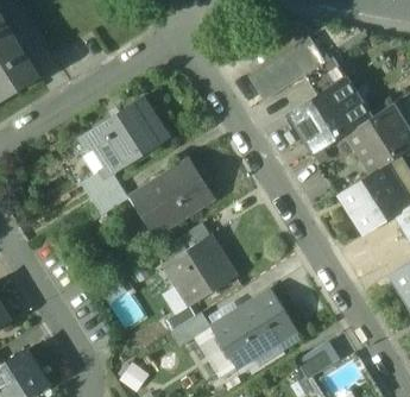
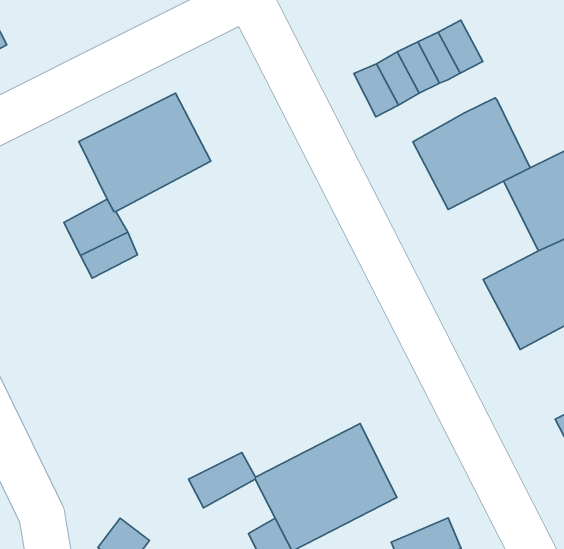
building: [305,58,347,95] -> none
building: [128,158,214,235] -> none
building: [163,234,235,305] -> none

